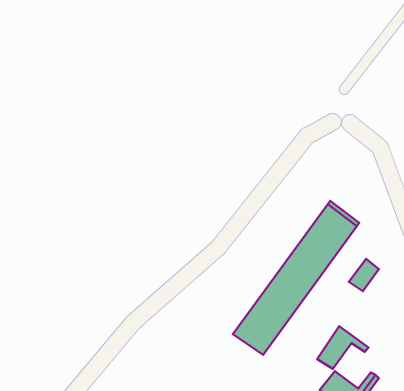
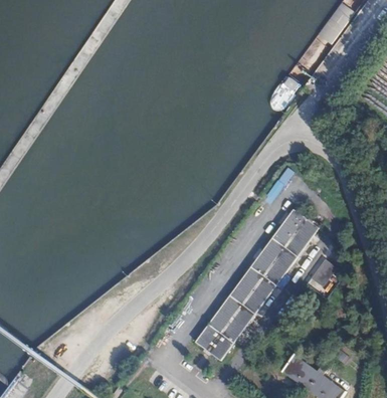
building: [317,326,369,369] -> none
building: none -> [195,324,234,360]

